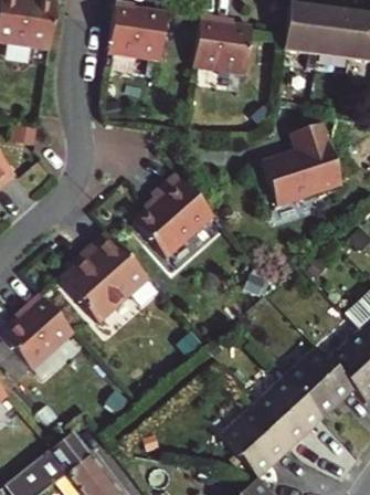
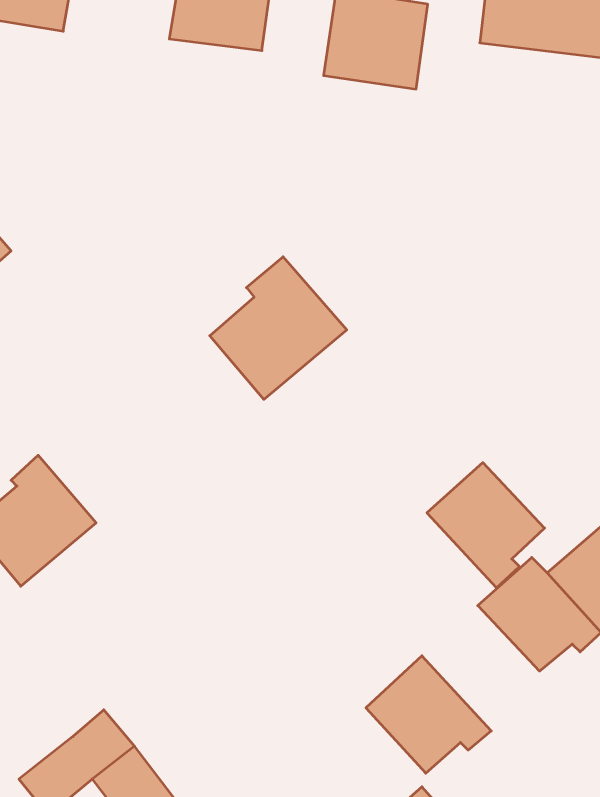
building: [264,126,345,211] -> none
building: [60,234,144,320] -> none
building: [254,375,321,446] -> [427,463,545,588]

